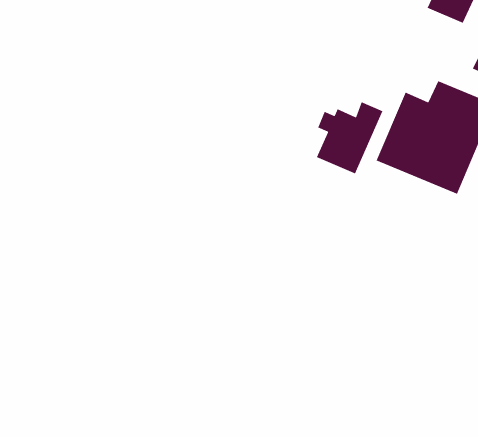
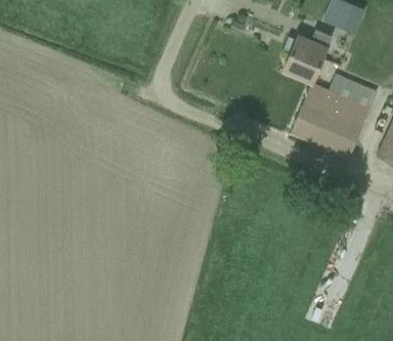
building: [316,101,384,175] -> [283,29,333,82]

